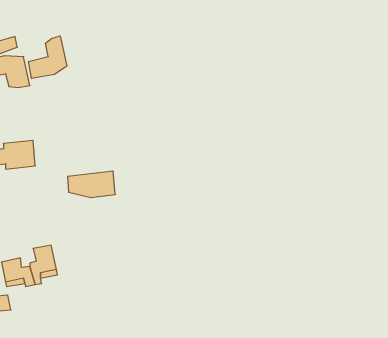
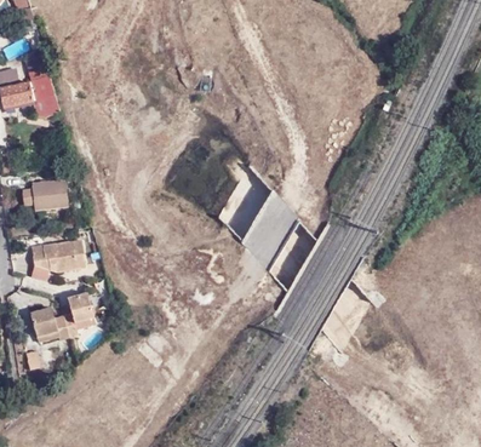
building: [28,36,67,79] -> none
building: [68,171,115,198] -> [33,243,87,274]

